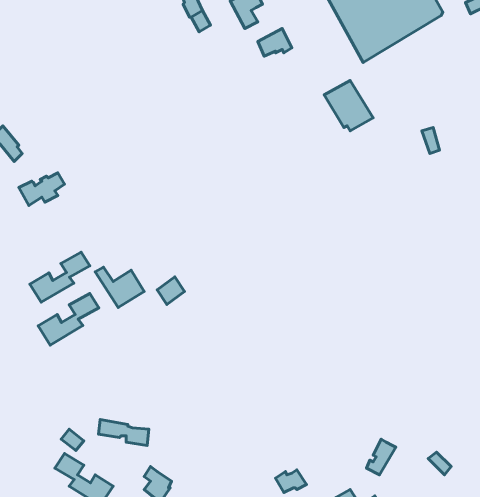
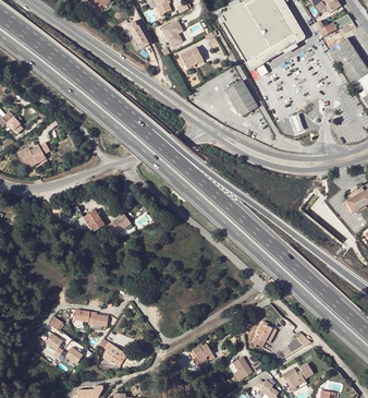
building: [30,252,90,302] -> none
building: [38,293,99,345] -> none

